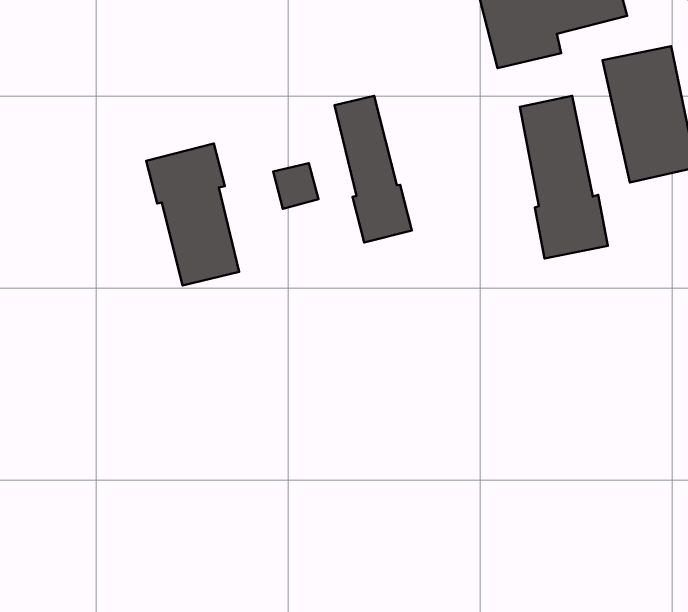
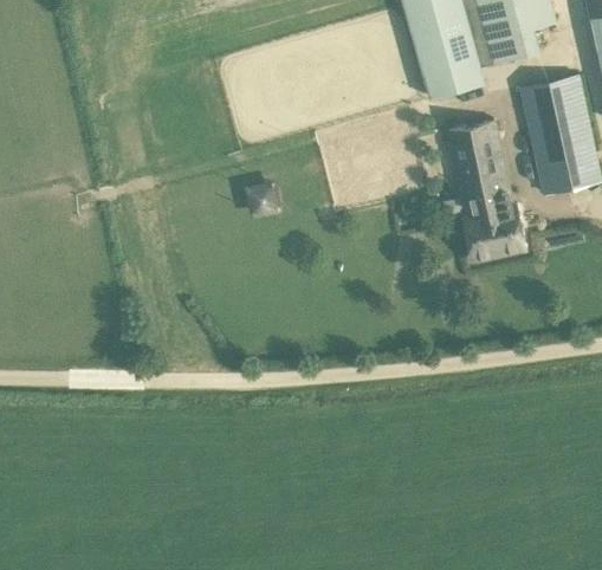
building: [334,96,412,242] -> none
building: [146,144,239,286] -> none

